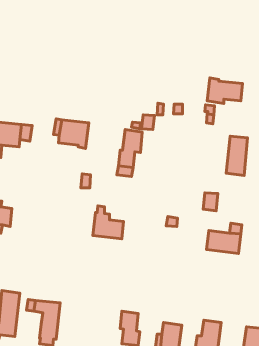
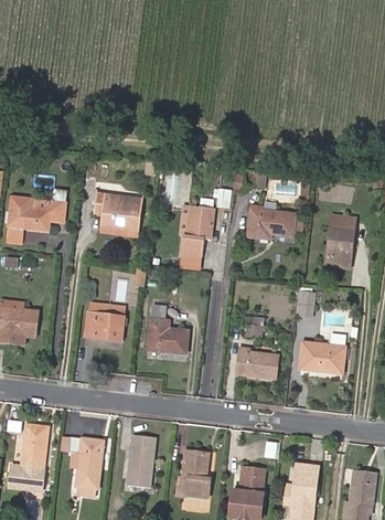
building: [207,78,243,103] -> [247,205,295,240]
building: none -> [85,312,125,341]
building: none -> [236,348,277,379]
building: none -> [127,436,156,486]

